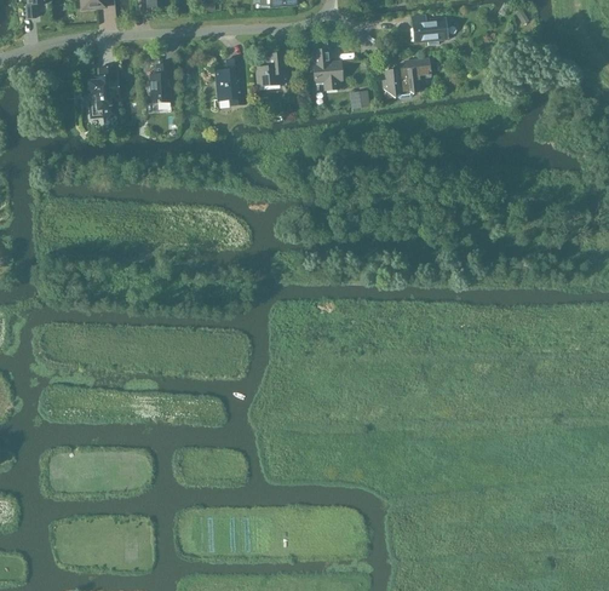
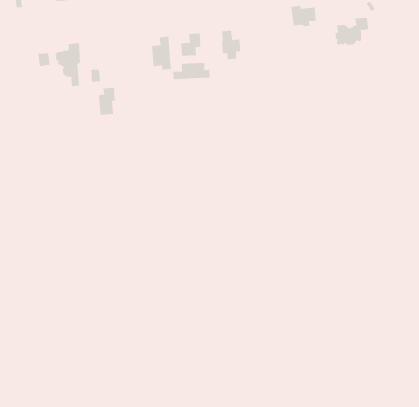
building: [383,58,431,97] -> [335,17,369,45]
building: [149,63,173,102] -> [98,87,116,115]
building: none -> [173,62,210,80]

